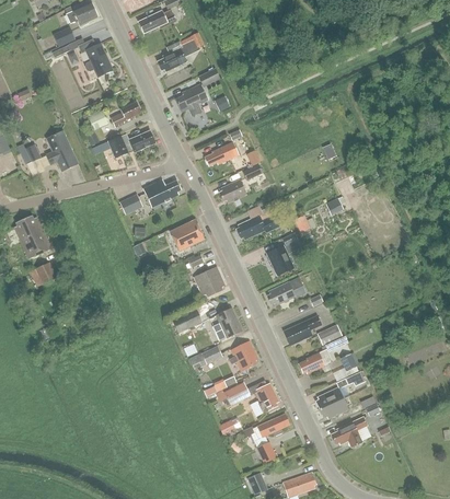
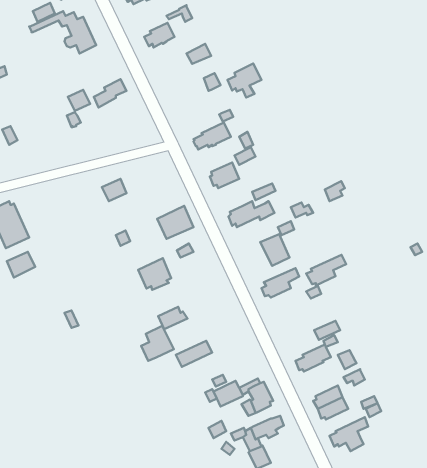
building: [175,83,207,115] -> [227,63,261,97]
building: [45,130,78,171] -> none
building: [108,130,154,158] -> none
building: [142,178,181,206] -> none
building: [194,266,224,295] -> [138,258,171,290]
building: [211,307,242,340] -> [141,326,174,361]
building: [284,315,321,344] -> [306,255,346,285]
building: [229,340,257,371] -> none

